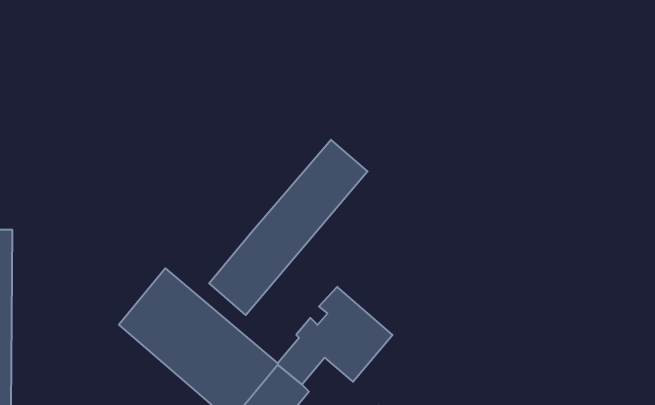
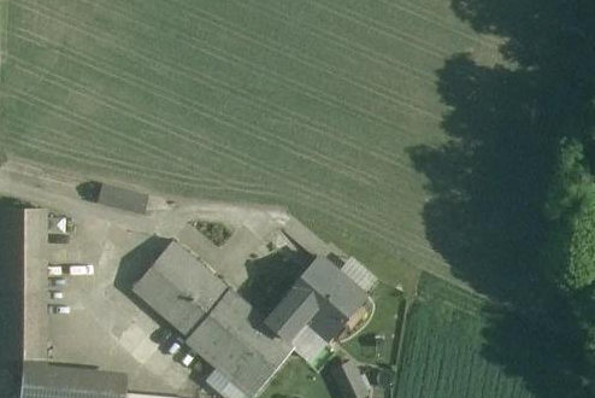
building: [209,140,368,315] -> none

